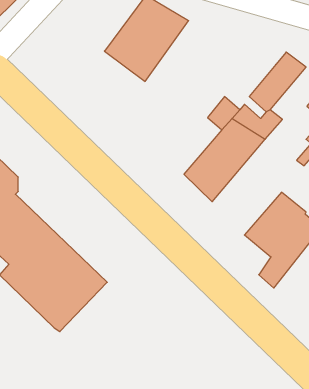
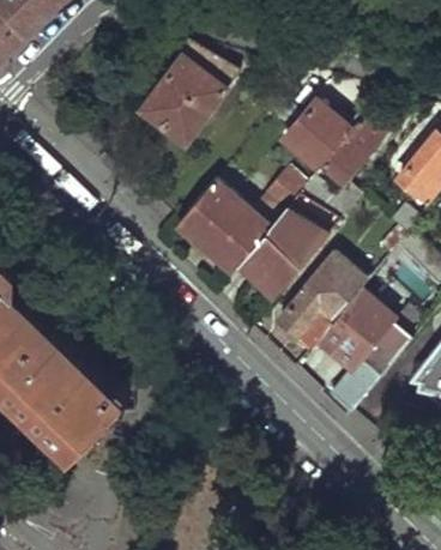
building: none -> [278,96,351,171]
building: none -> [171,177,271,274]
building: none -> [272,250,367,350]

